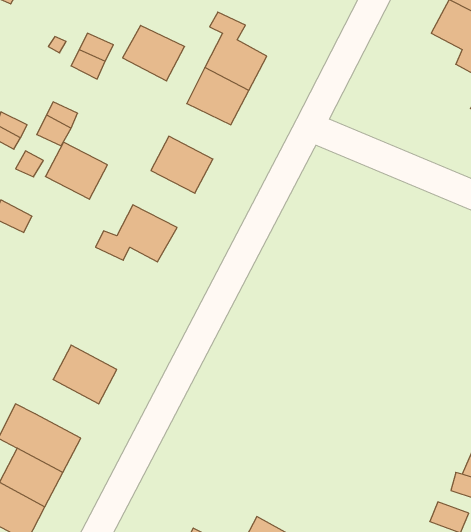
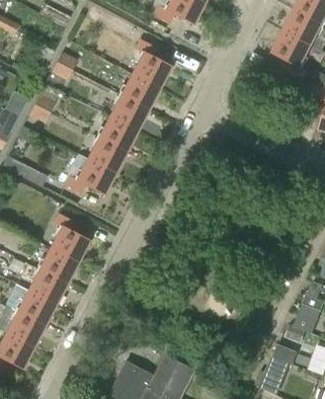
building: [123,25,185,81] -> [110,97,149,132]
building: [45,142,107,199] -> [88,139,127,174]
building: none -> [50,213,89,262]
building: none -> [27,268,67,305]

